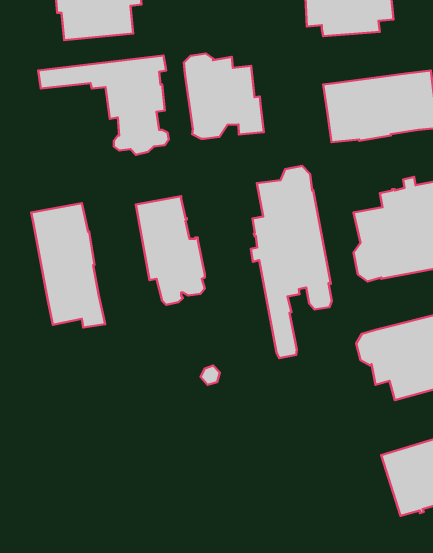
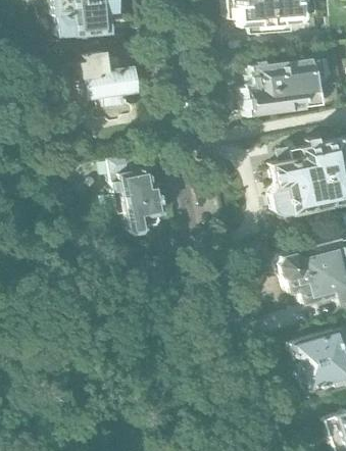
building: [184,54,264,139] -> none
building: [251,166,332,358] -> none
building: [31,203,105,328] -> none

